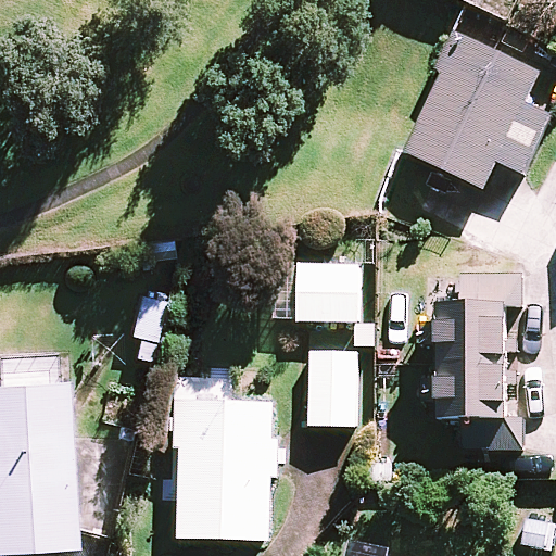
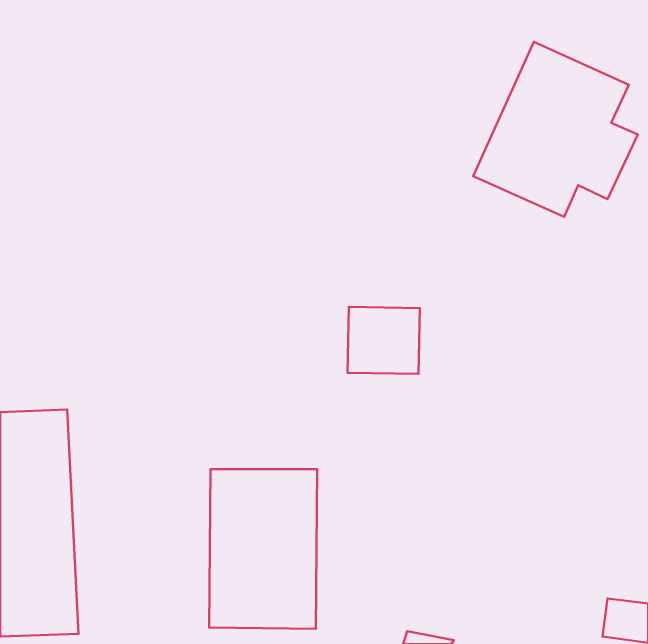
building: [433,274,521,454] -> none
building: [309,349,362,425] -> none

